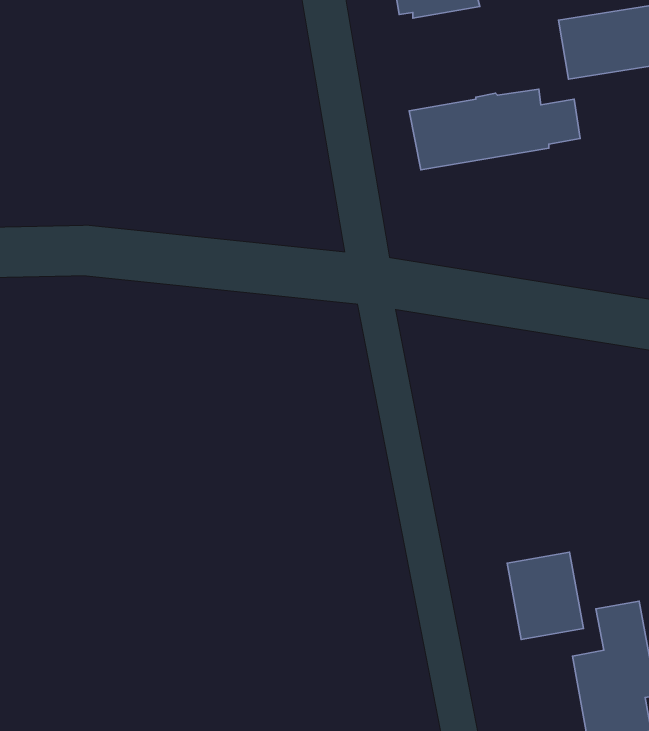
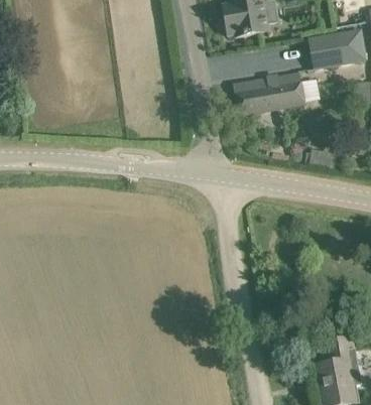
building: [507,552,583,639] -> none

